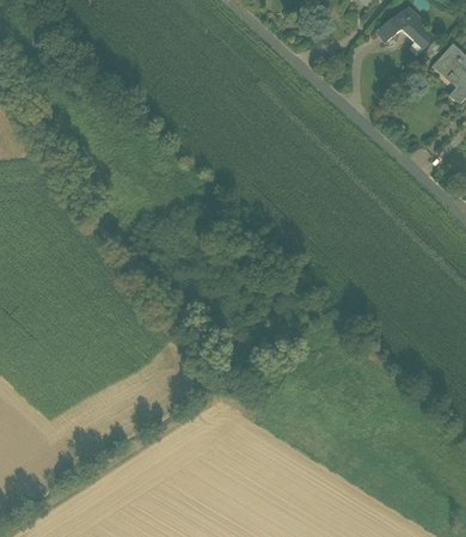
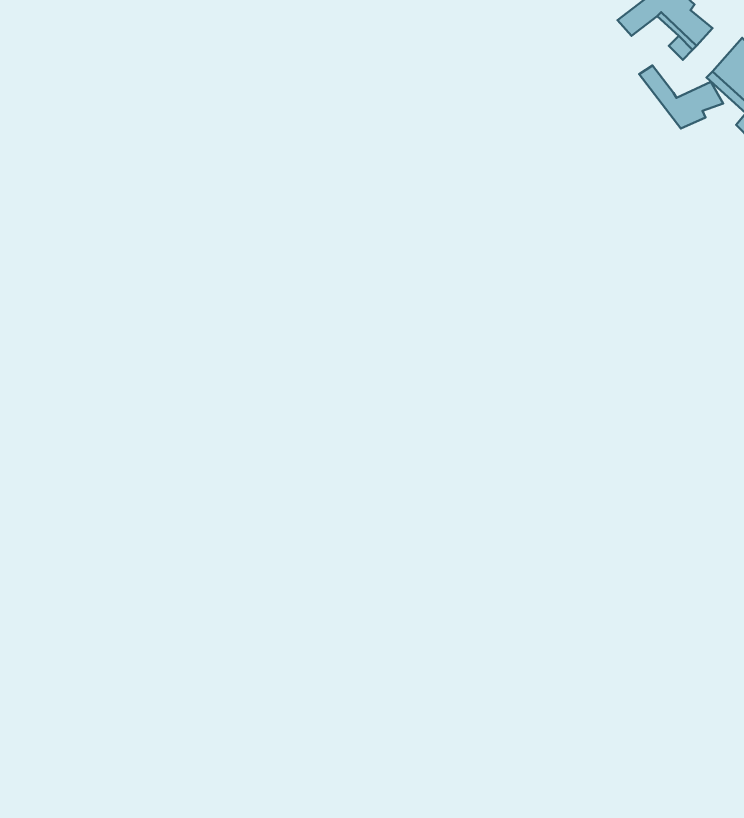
building: none -> [639,66,723,129]

